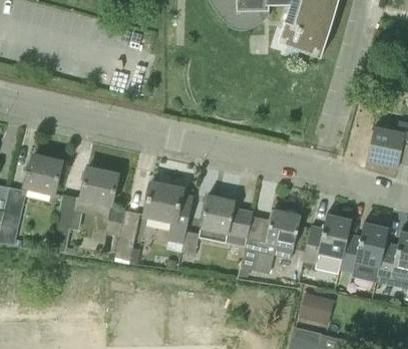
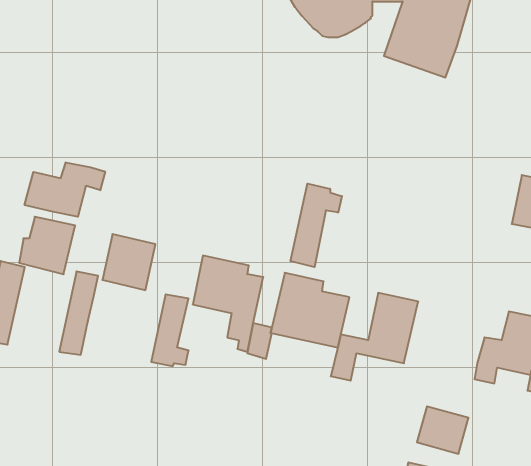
building: none -> [25,162,105,217]
building: none -> [291,184,342,267]
building: [303,213,352,263] -> none

